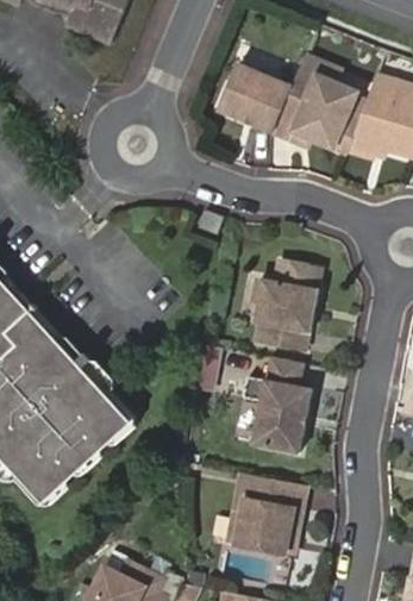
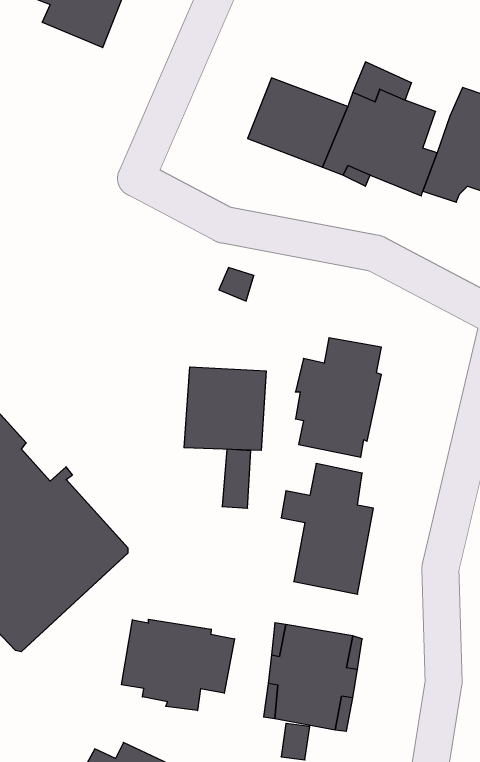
building: none -> [184,367,266,450]
building: none -> [122,619,235,711]

